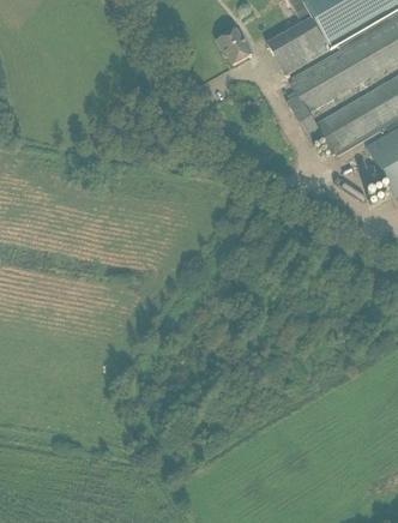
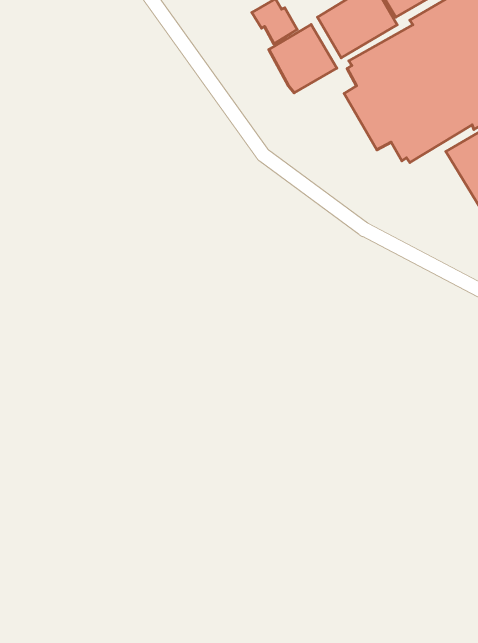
building: none -> [269,25,337,93]

